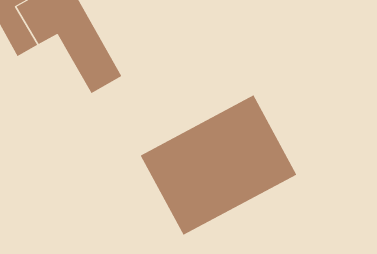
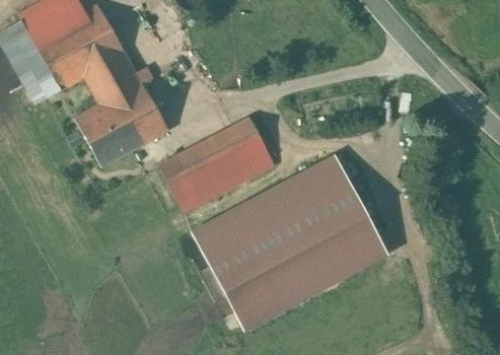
building: none -> [75,103,128,165]
building: none -> [158,118,275,213]

